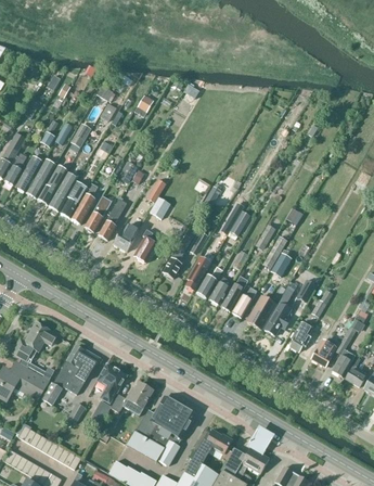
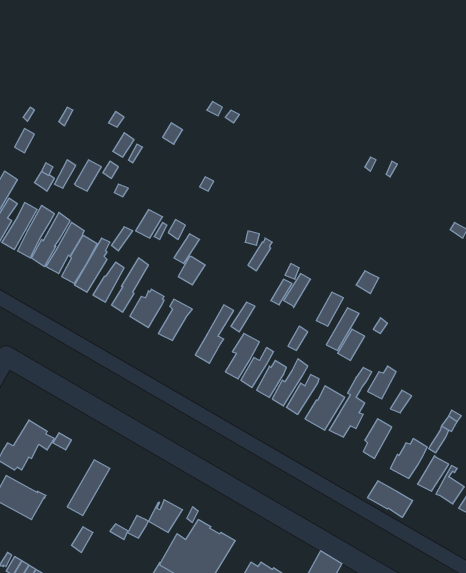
building: [41,346,86,406] -> none
building: [96,363,127,404] -> none
building: none -> [368,481,413,517]

